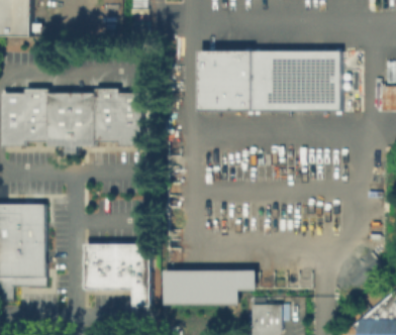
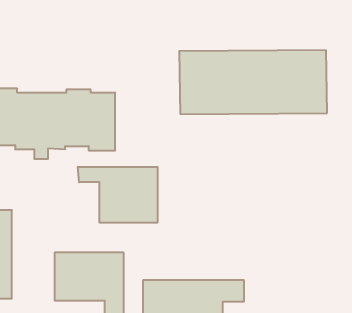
building: none -> [78,167,157,223]

